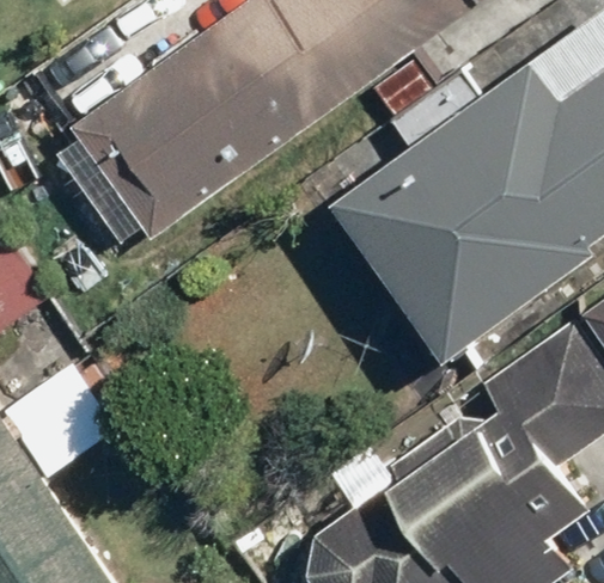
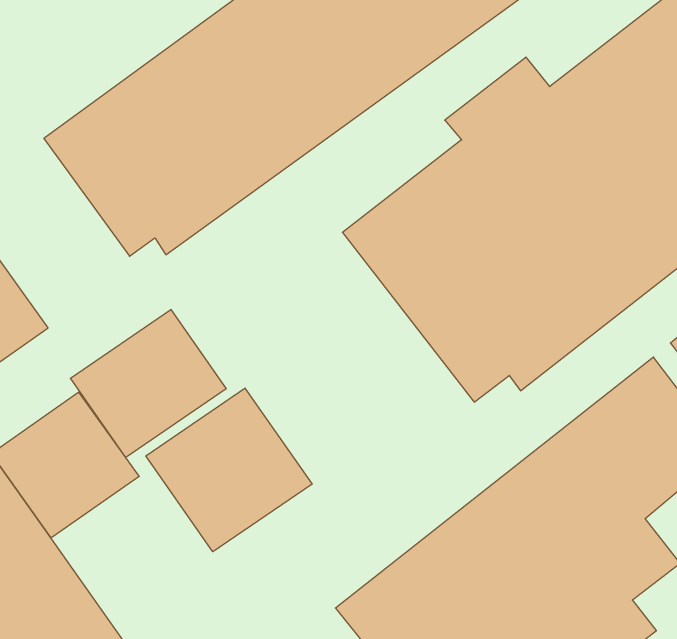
building: none -> [70,309,226,457]
building: none -> [146,388,312,552]

